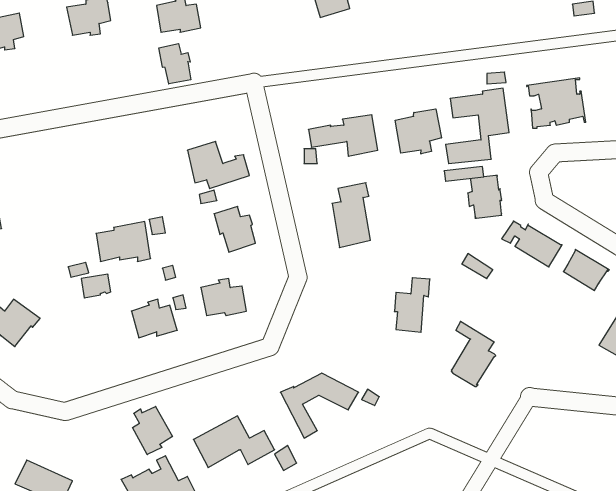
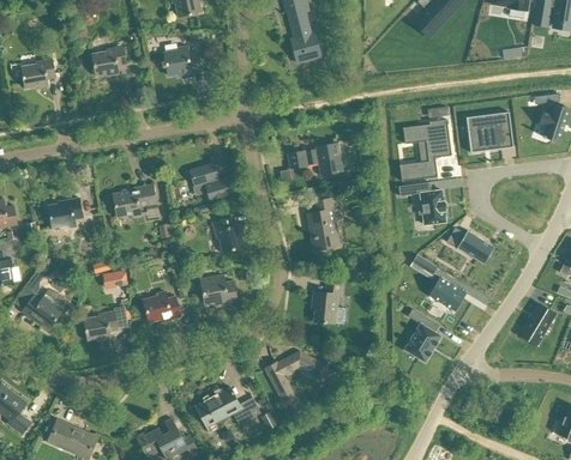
building: [159,44,191,84] -> none
building: [395,109,441,154] -> none
building: none -> [48,196,84,226]
building: [96,222,151,261] -> [114,183,158,216]
building: [563,249,609,291] -> [429,276,467,309]
building: [394,278,430,332] -> [313,278,342,322]
building: none -> [84,309,119,340]
building: [133,406,172,455] -> none

